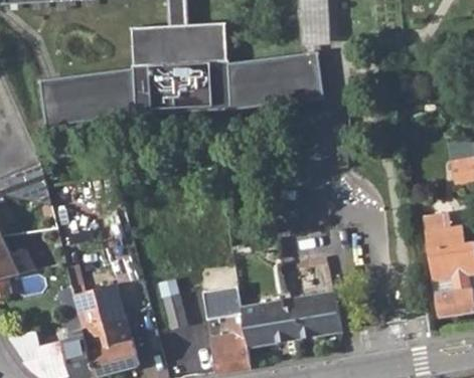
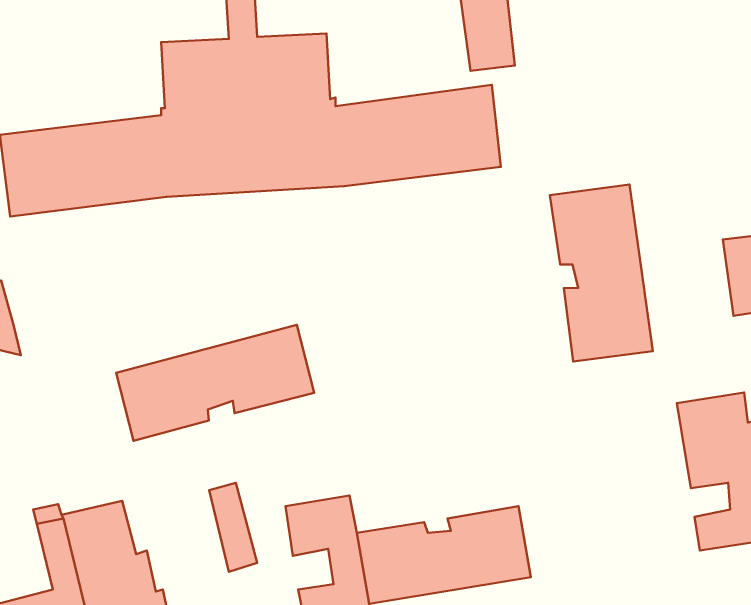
building: none -> [550,185,653,362]
building: none -> [116,325,314,441]

